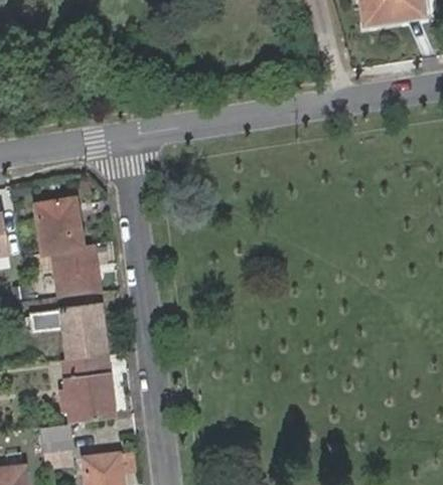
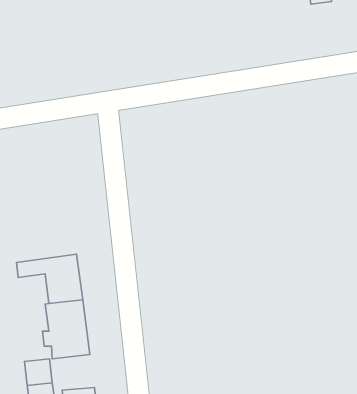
building: [33,195,101,296] -> none

